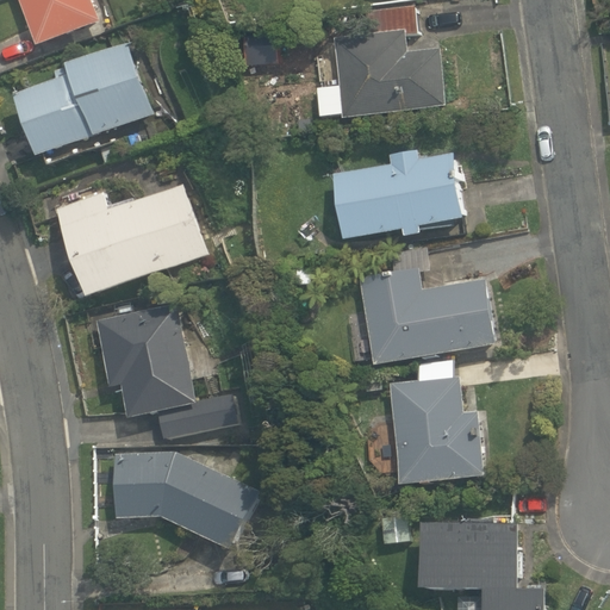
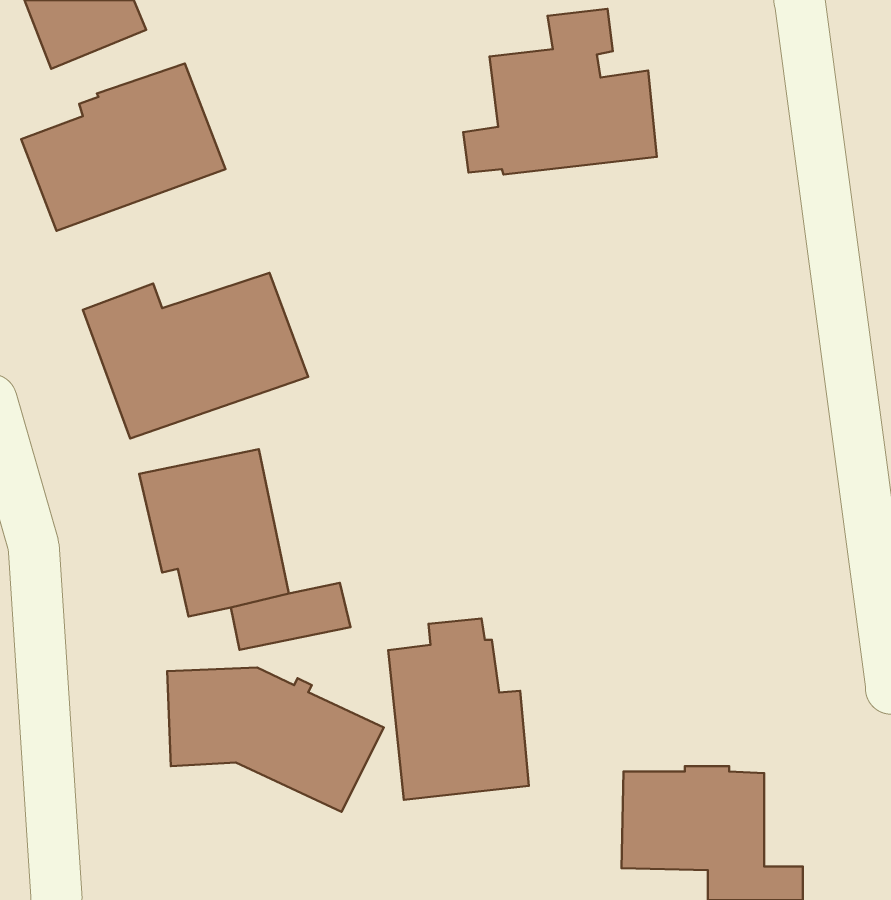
building: [332,149,463,239] -> none
building: [357,253,493,363] -> none
building: [387,362,483,485] -> [388,619,529,800]

